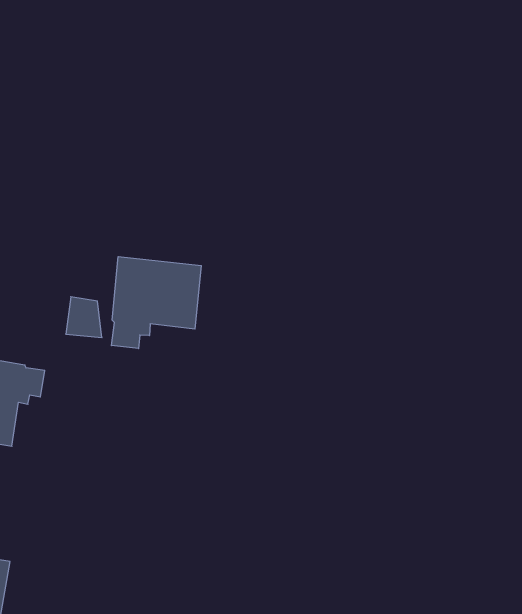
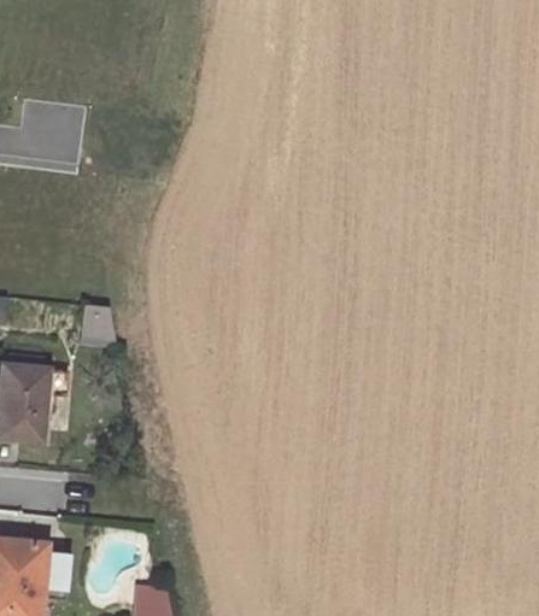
building: [111,257,201,349] -> none

